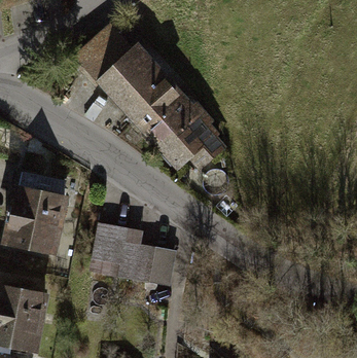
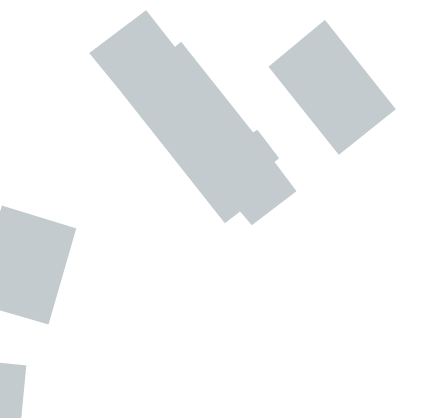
building: none -> [268,19,397,156]
building: [94,222,177,289] -> none

